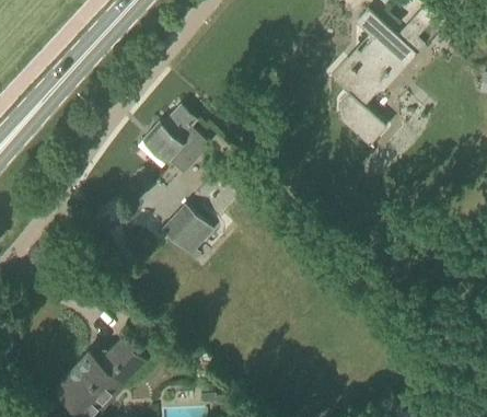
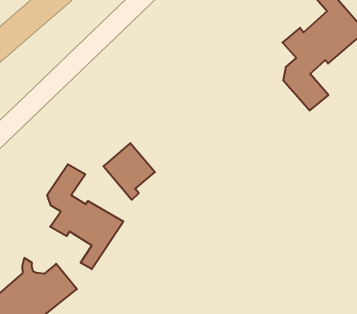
building: [141,106,208,174] -> none
building: none -> [47,164,123,269]

